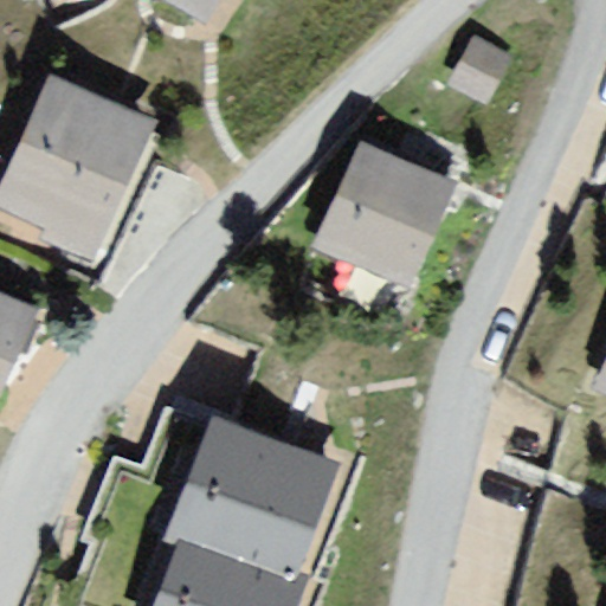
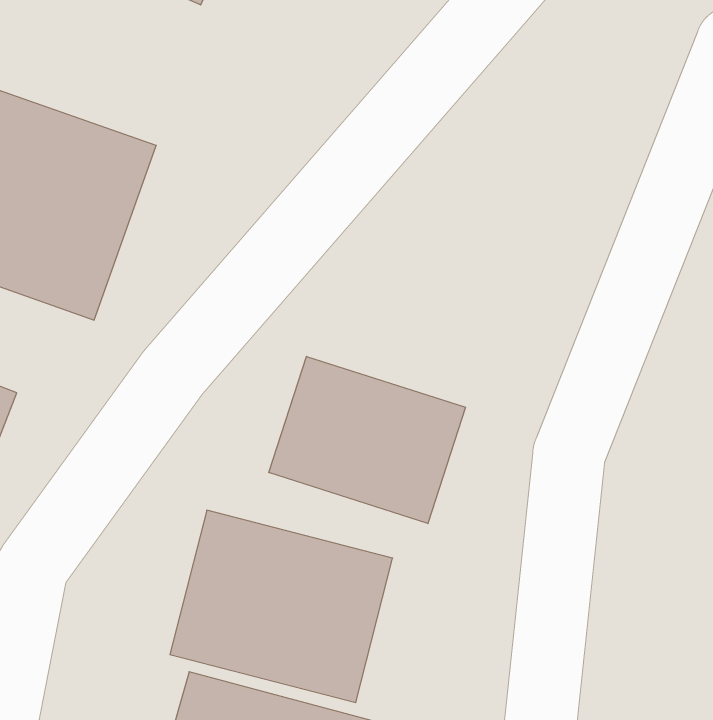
building: [317,149,460,284] -> none
building: none -> [269,356,465,524]

